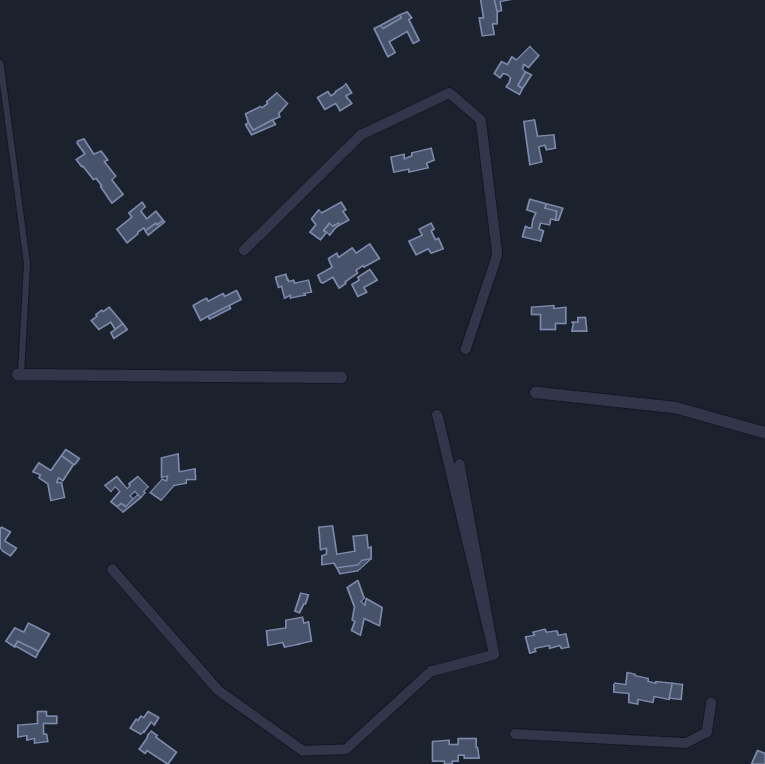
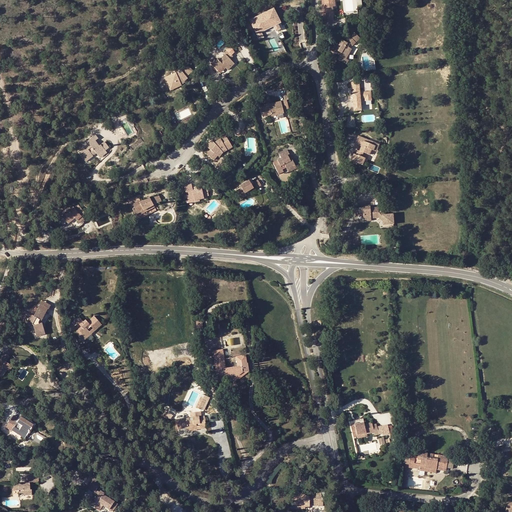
building: [76,139,123,203] -> none
building: [318,244,380,288] -> none
building: [150,454,195,500] -> none
building: [347,580,382,635] -> none

